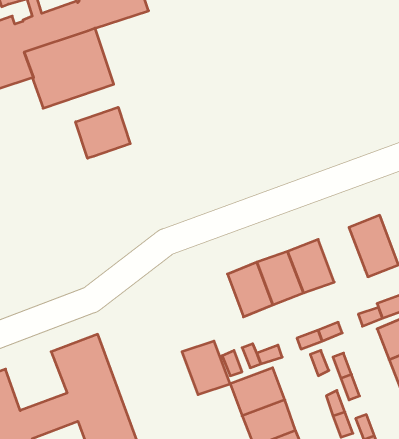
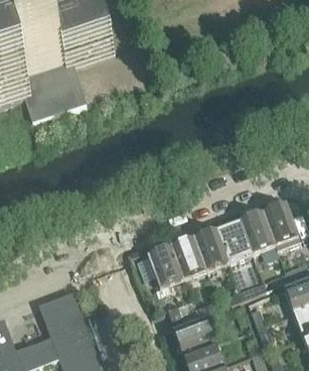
building: [76,107,130,158] -> none
building: none -> [241,210,276,251]
building: [182,341,230,395] -> [148,245,184,285]

